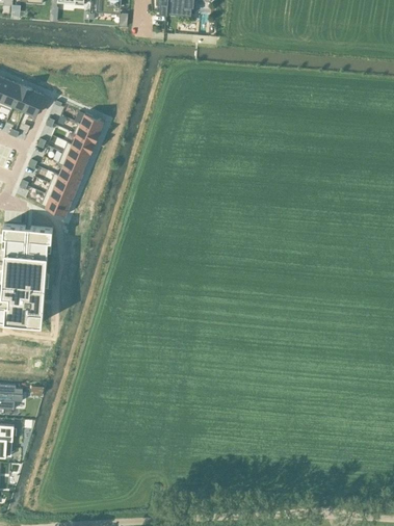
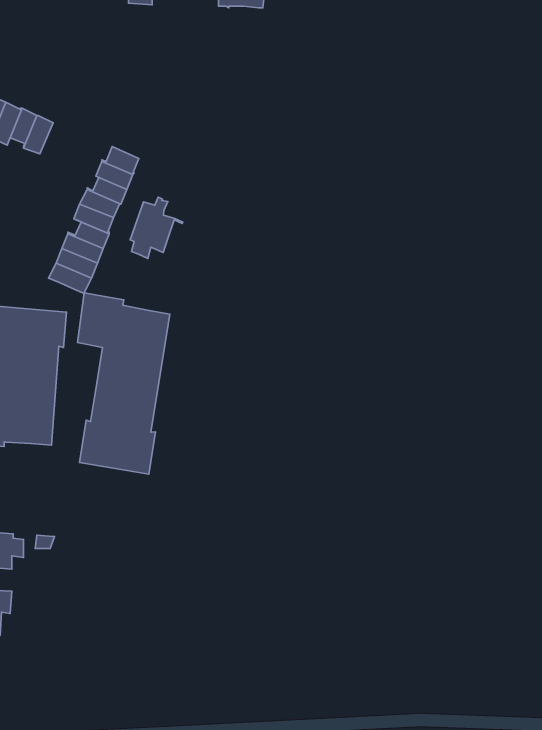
building: none -> [130,197,183,258]
building: none -> [77,293,170,474]

